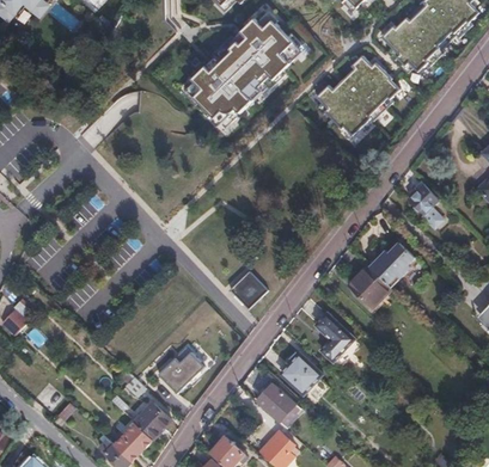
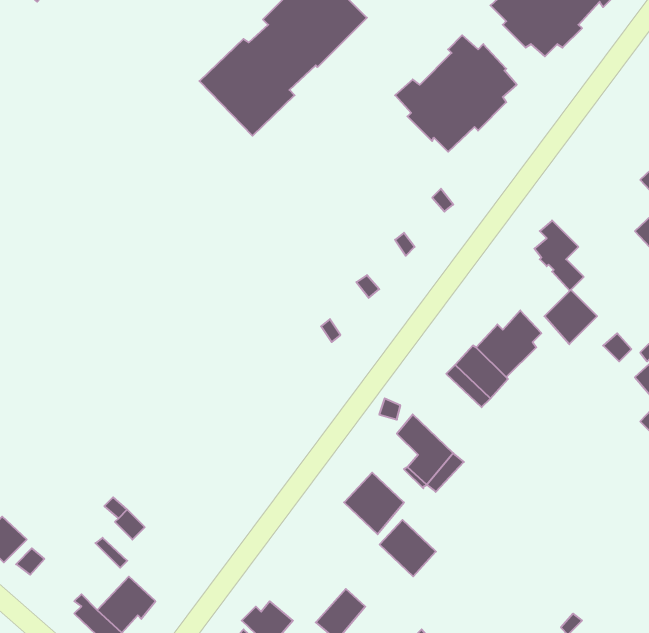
building: none -> [544,290,597,344]
building: [230,271,269,311] -> none
building: [159,348,203,395] -> none
building: [258,382,297,420] -> [380,520,436,576]
building: [135,404,171,440] -> none

